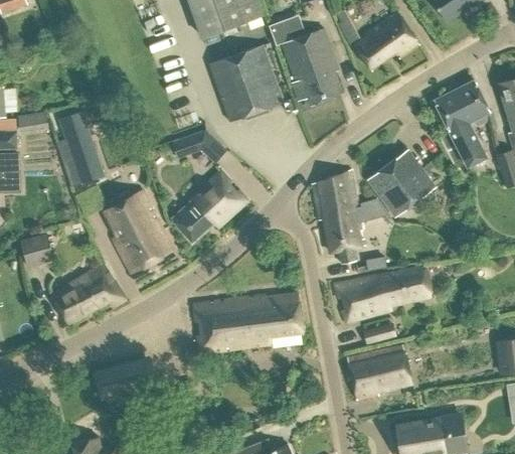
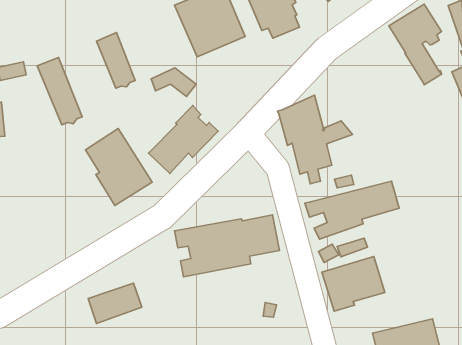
building: none -> [97,33,135,88]
building: [367,149,435,215] -> none
building: [21,237,54,269] -> none
building: [53,264,125,322] -> none

